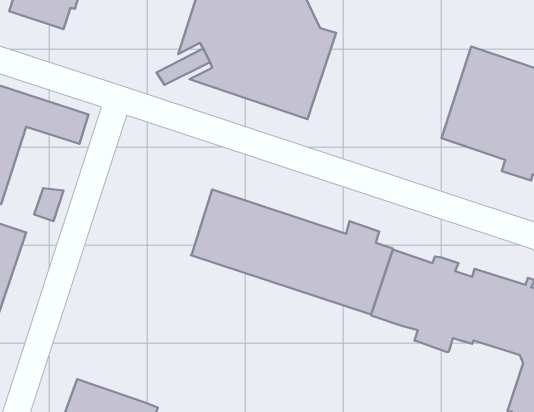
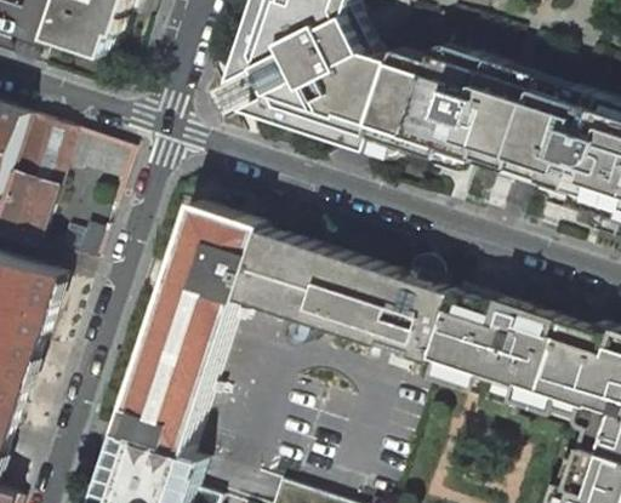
building: none -> [368,53,536,173]
building: none -> [115,201,261,455]

